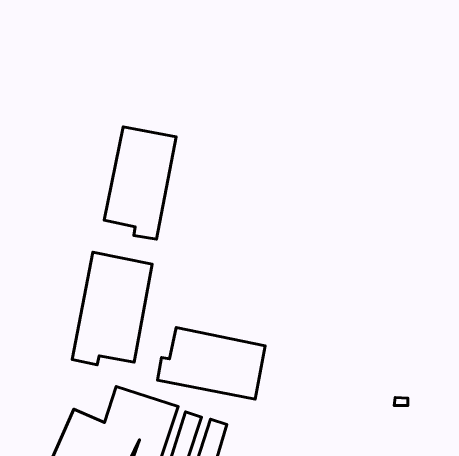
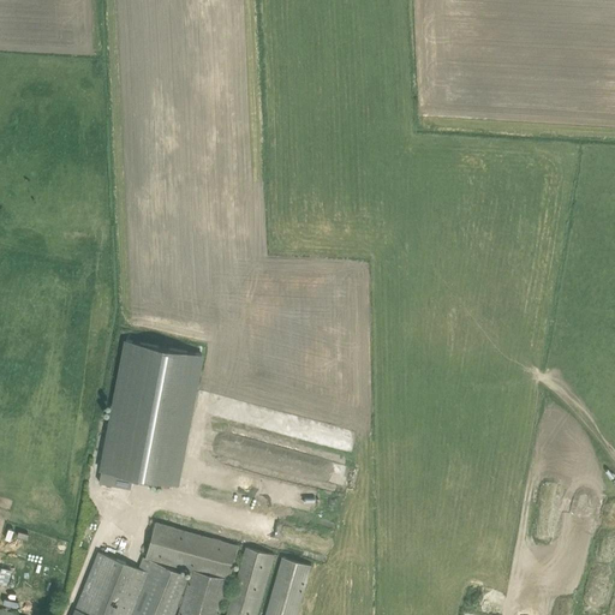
building: [104,127,176,239] -> none
building: [157,328,265,399] -> none

